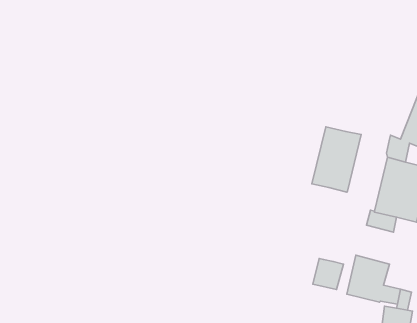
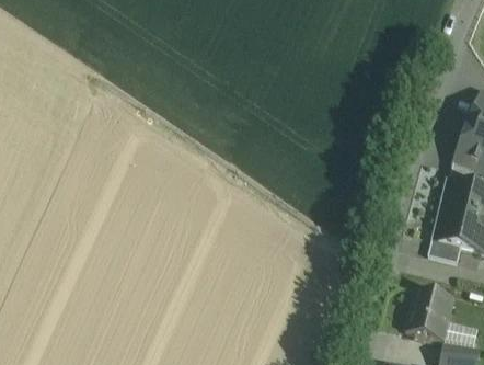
building: [312,127,361,192] -> none
building: [313,259,344,289] -> none

